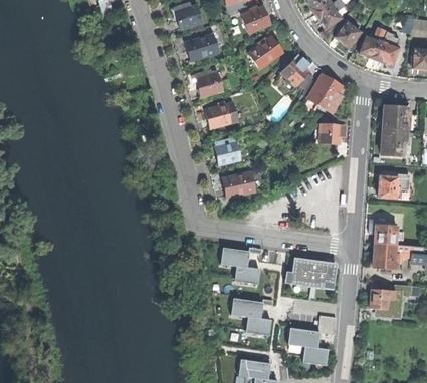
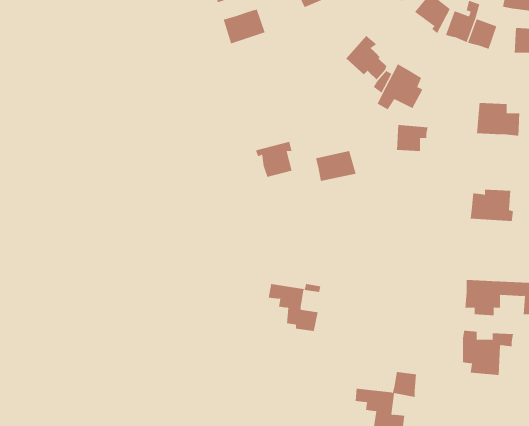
building: [249,37,282,68] -> none
building: [193,70,222,96] -> none
building: [206,102,238,128] -> none
building: [381,130,409,157] -> none
building: [223,172,255,197] -> [315,150,356,181]
building: [369,218,397,245] -> none
building: [290,257,337,298] -> none
building: [232,298,273,335] -> none

